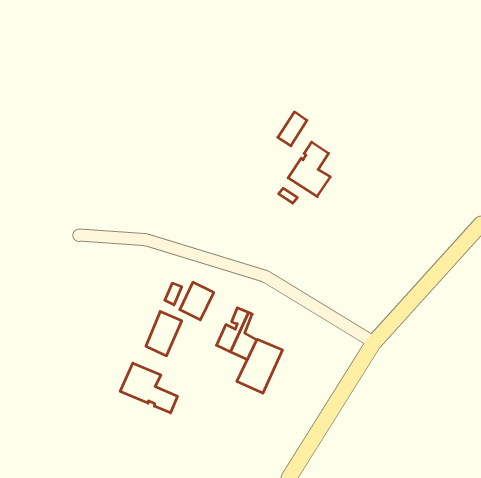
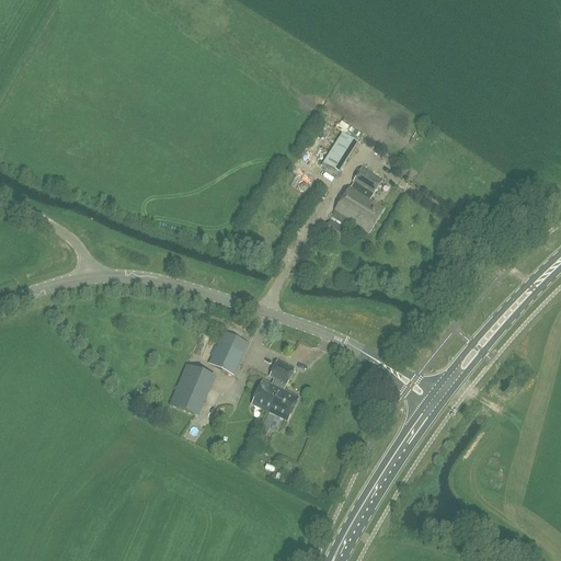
building: [237,339,282,393] -> none
building: [120,363,177,413] -> none

